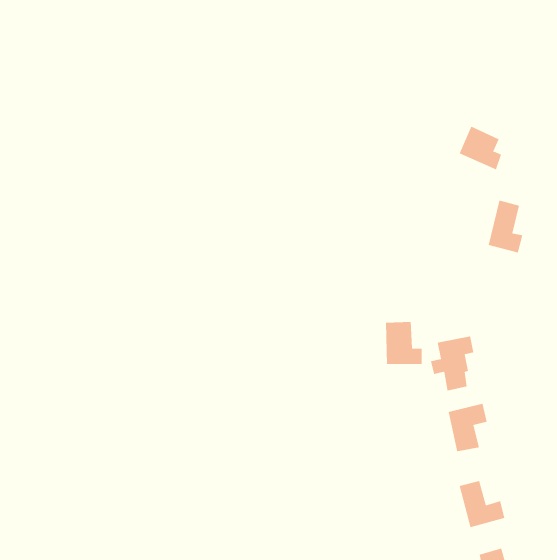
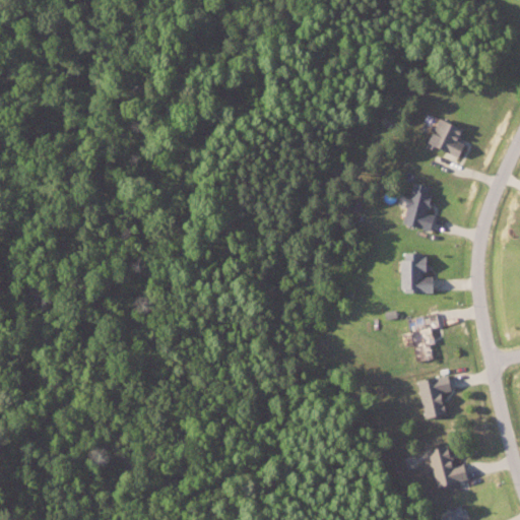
building: [488,200,523,253] -> [404,184,437,233]
building: [385,321,423,365] -> [402,254,437,294]

